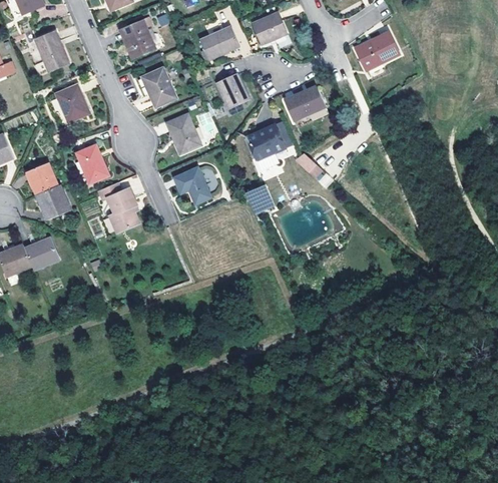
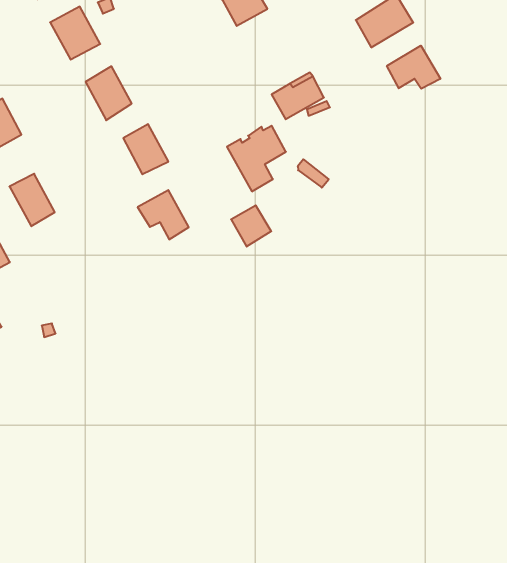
building: [199,27,239,60] -> none
building: none -> [387,46,440,89]
building: [216,73,247,107] -> none
building: [98,181,137,231] -> none

